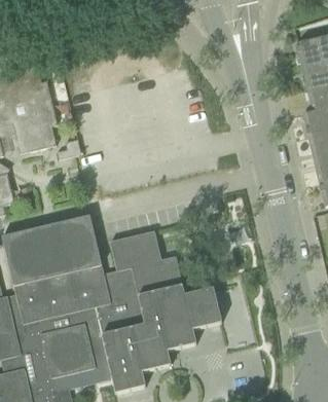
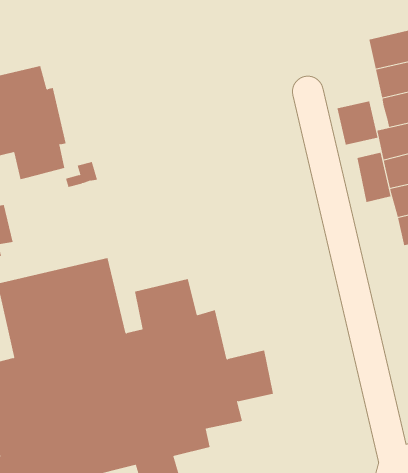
building: none -> [337,100,378,146]
building: none -> [357,152,391,203]

